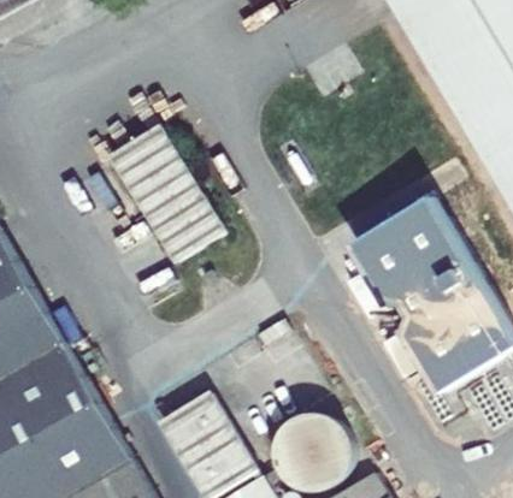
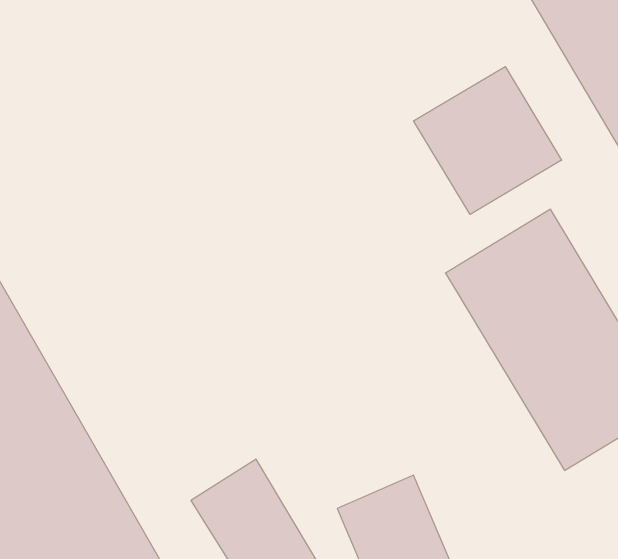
building: none -> [414,67,562,214]
building: [112,125,228,262] -> none

